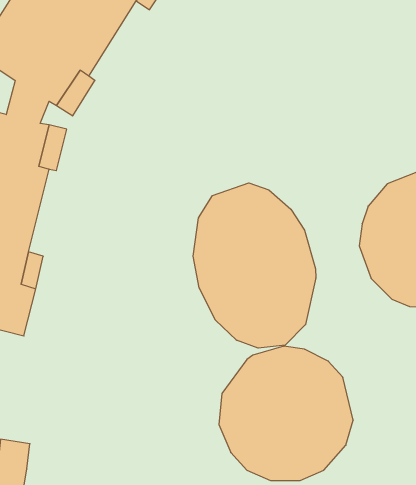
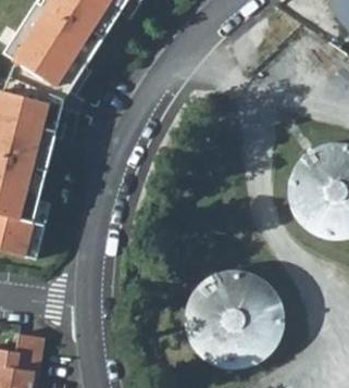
building: [193,183,316,348] -> none

